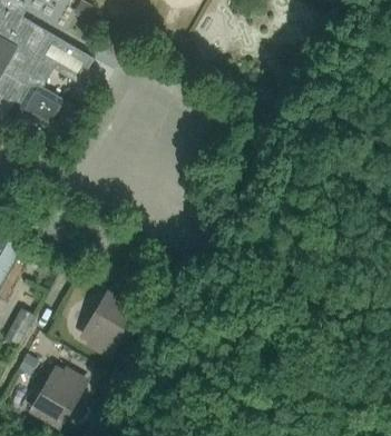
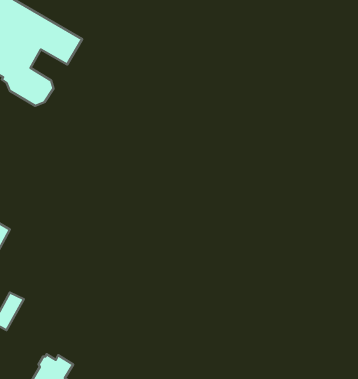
building: [82,301,129,351] -> none

